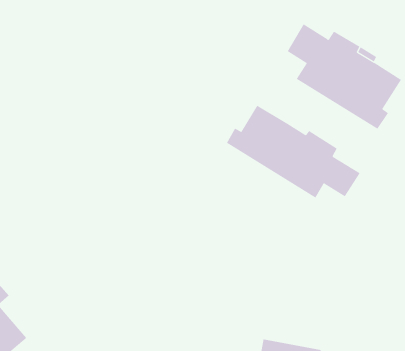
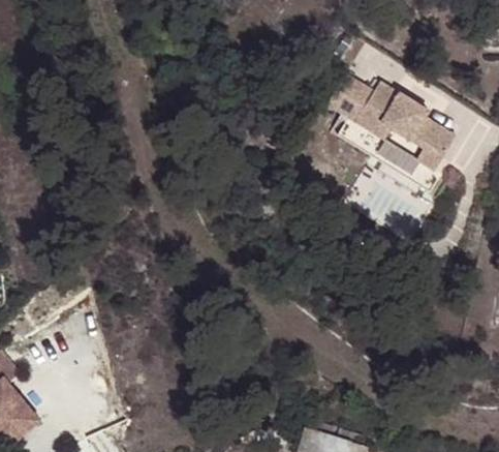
building: [226,105,361,199] -> none

